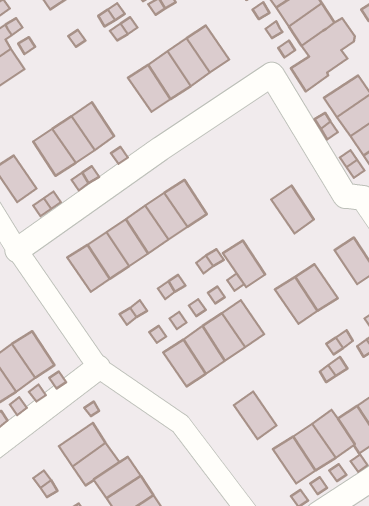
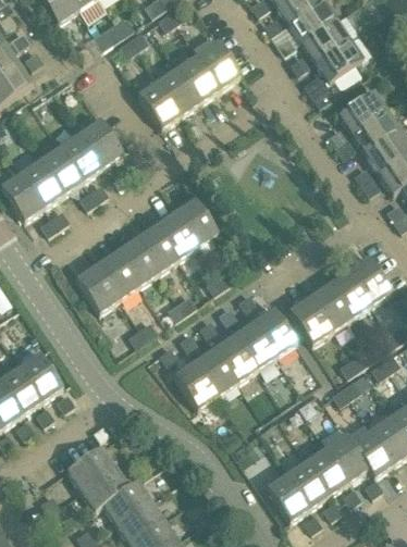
building: none -> [21,159,63,207]
building: [271,186,314,233] -> [328,270,371,319]
building: [223,240,265,287] -> [252,308,296,356]
building: [234,391,277,439] -> [266,473,309,522]

